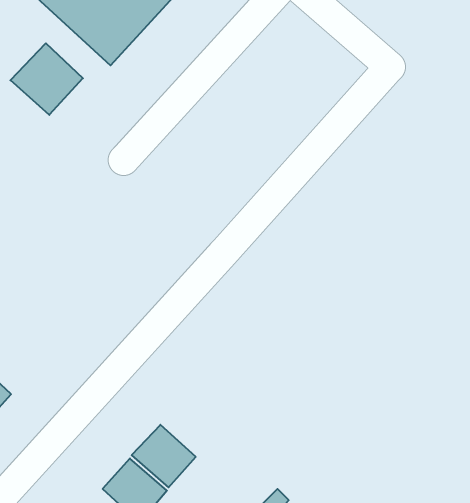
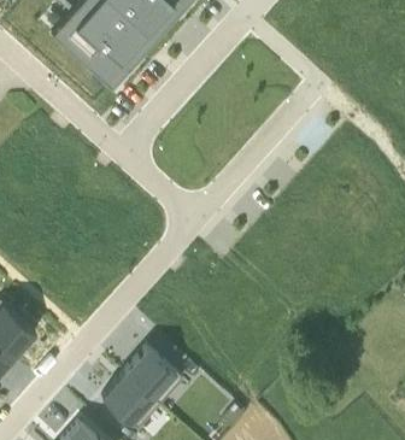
building: [10,43,83,115] -> none

